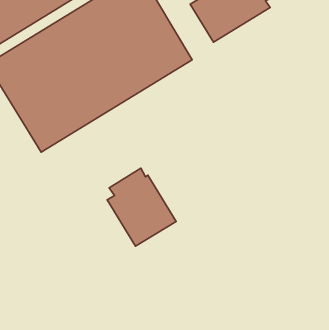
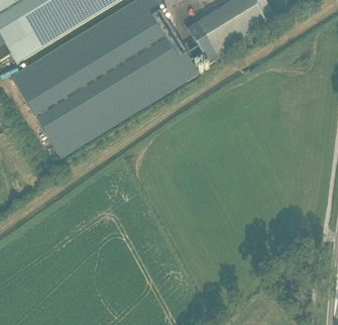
building: [107,168,176,246] -> none

